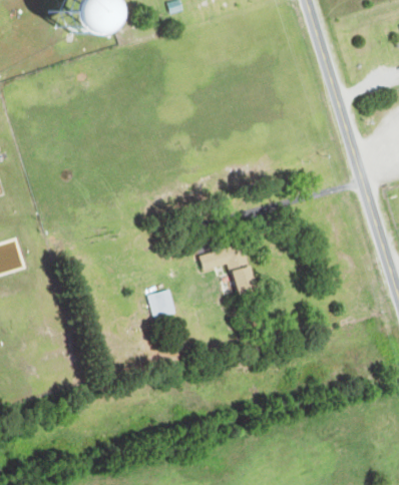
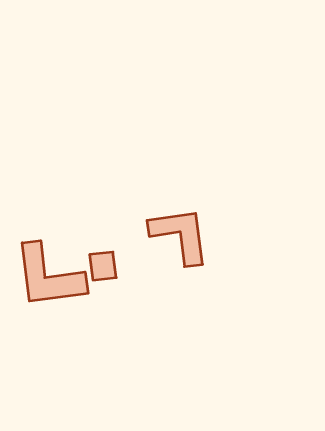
building: none -> [22,241,88,301]

